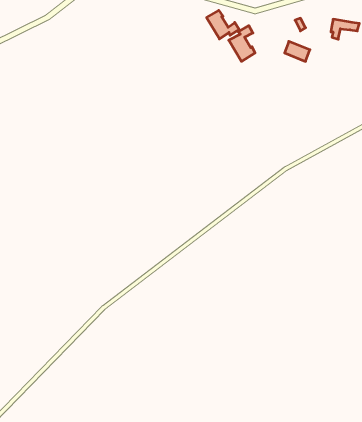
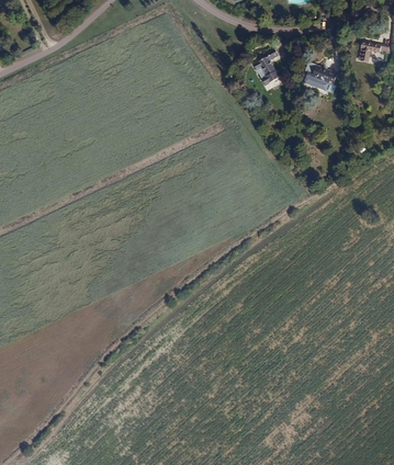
building: [207,10,239,39] -> none

